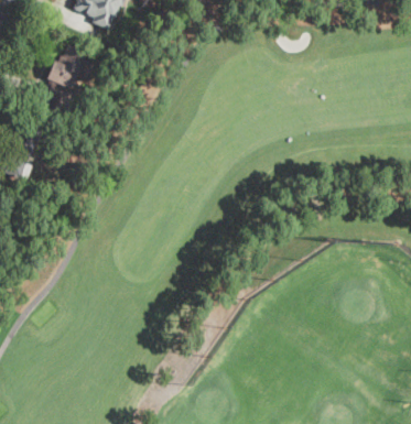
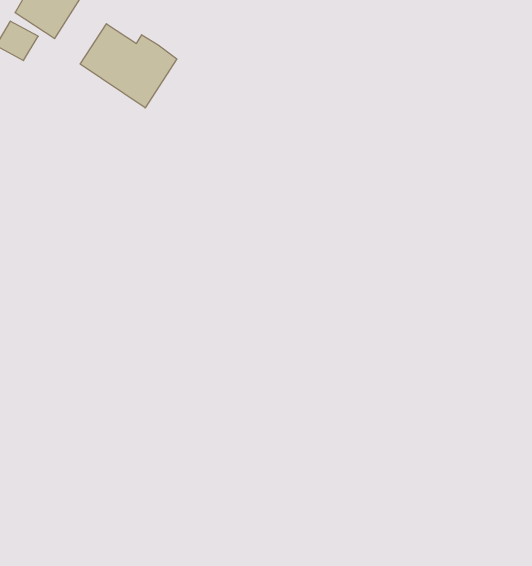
building: none -> [80,24,177,108]

